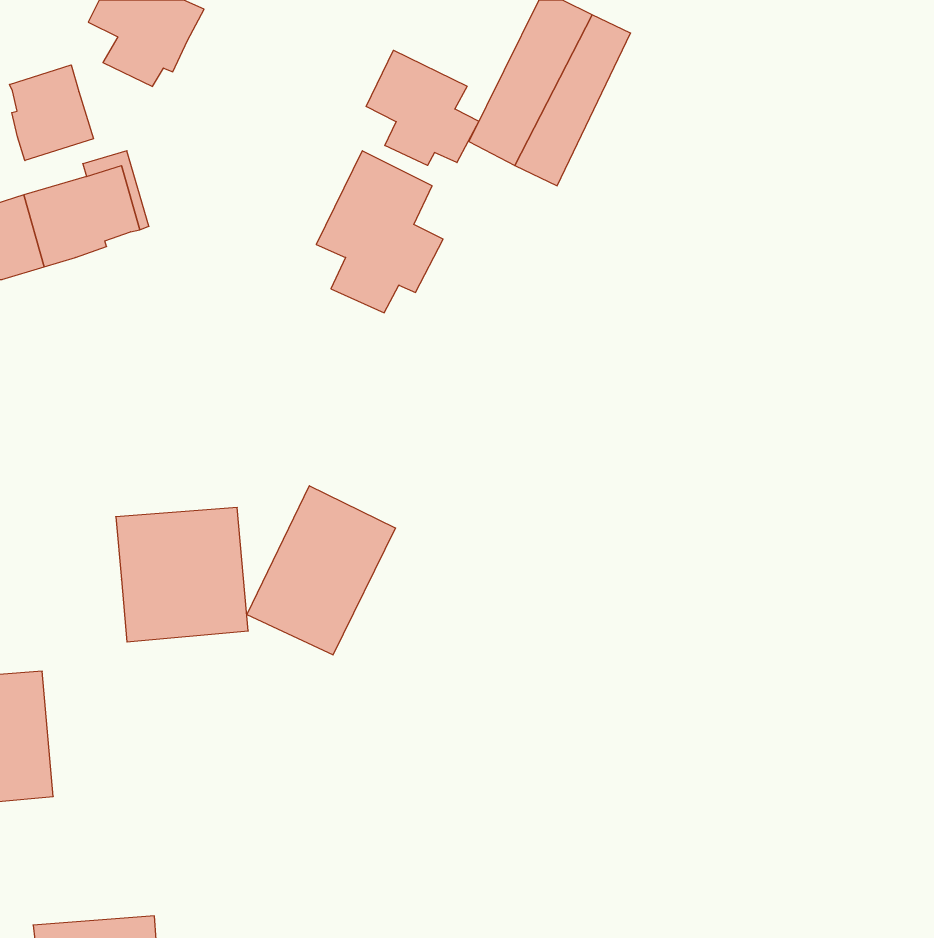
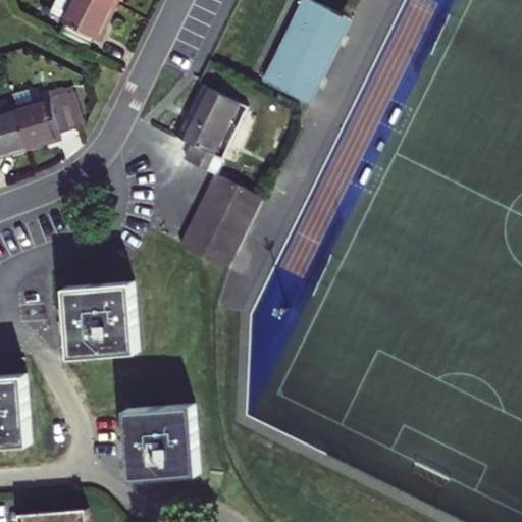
building: [366,50,479,165] -> none
building: [10,65,93,161] -> none
building: [247,486,396,655] -> [178,174,261,268]
building: none -> [125,405,199,479]

